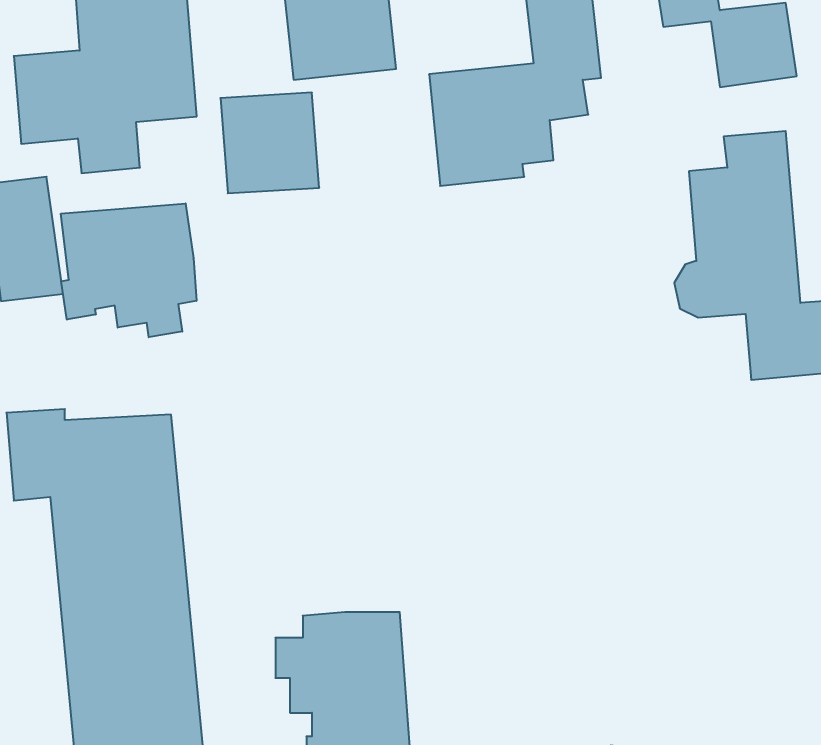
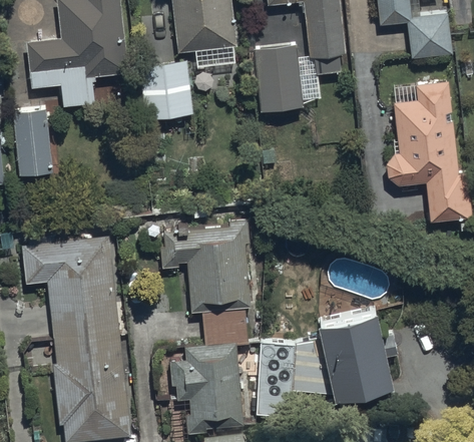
building: [61,203,196,337] -> none
building: none -> [160,219,251,346]
building: none -> [257,312,394,411]

